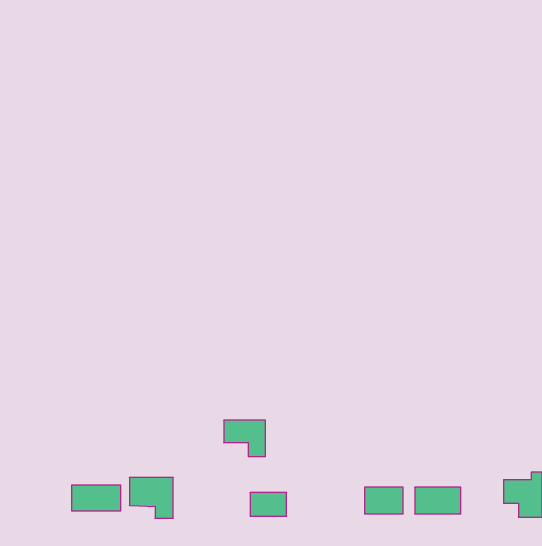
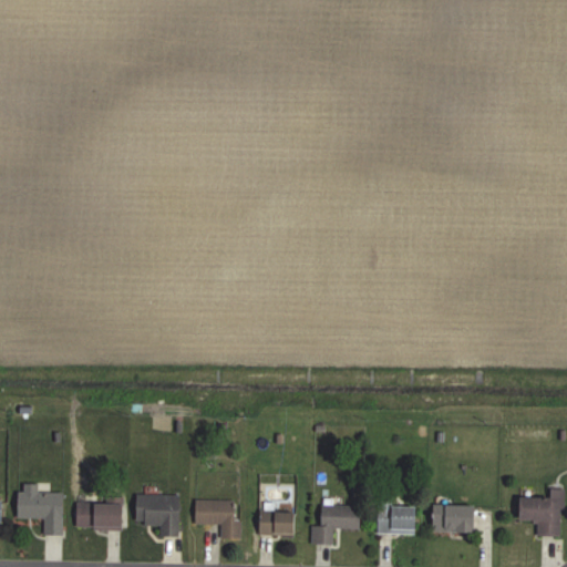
building: [224,420,265,457] -> [195,501,238,538]
building: none -> [18,488,64,535]
building: none -> [310,504,361,545]

